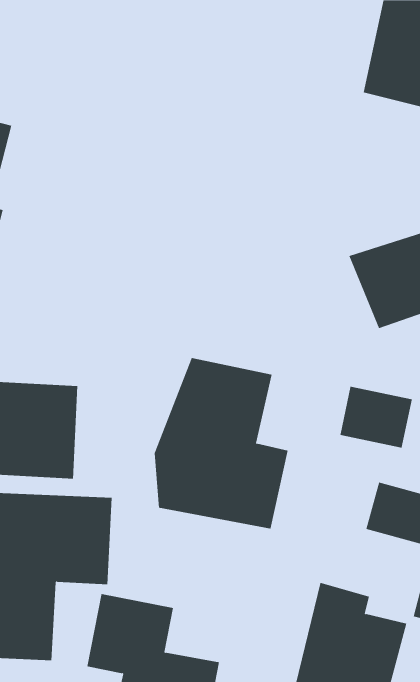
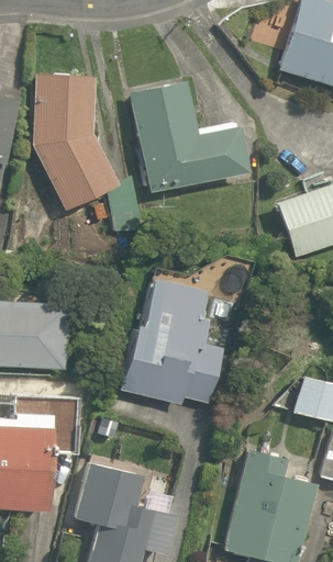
building: none -> [38,69,114,206]
building: none -> [136,82,247,190]
building: [340,386,412,449] -> none

